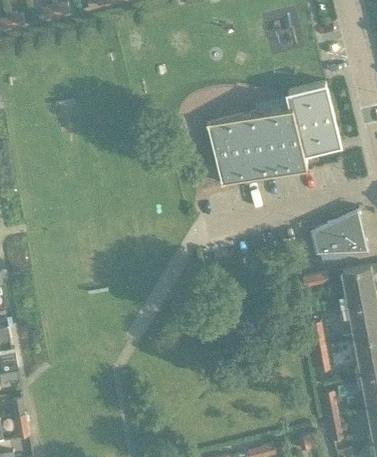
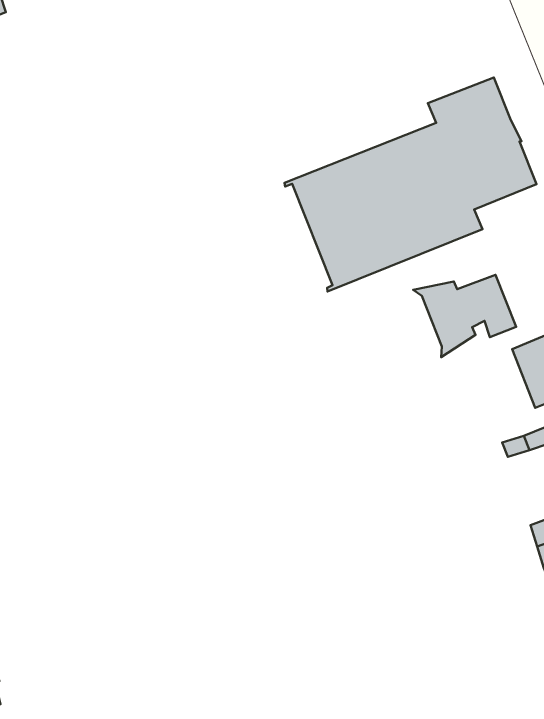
building: none -> [413,275,516,357]

